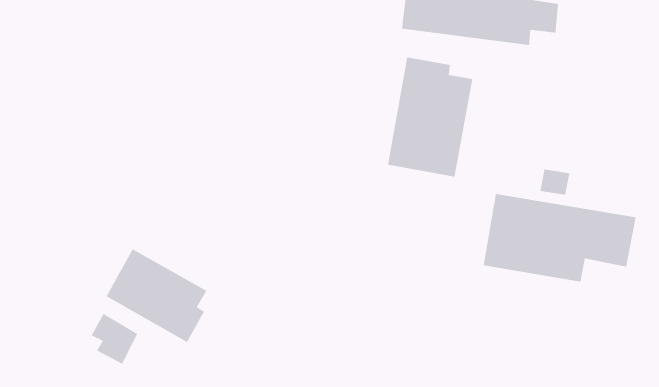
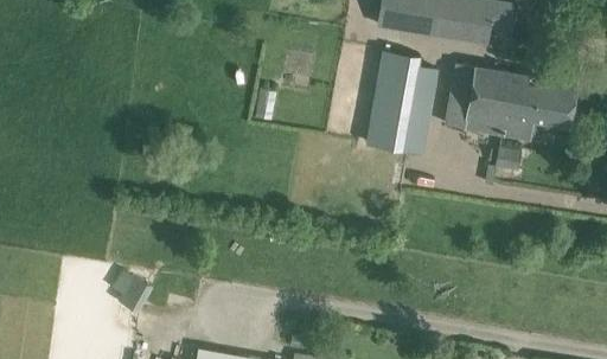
building: [483,194,637,282] -> [446,65,577,141]
building: [106,248,207,343] -> none

